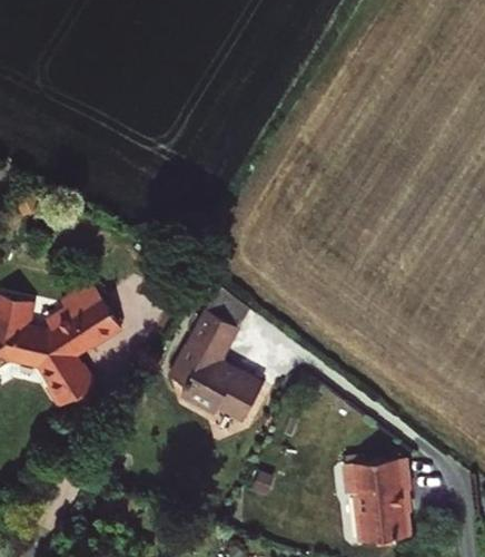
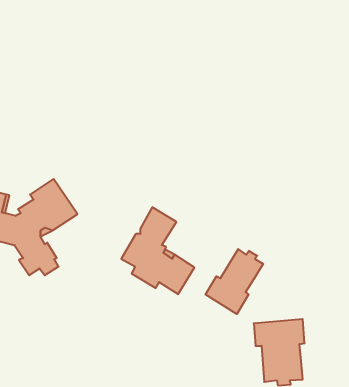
building: none -> [206,249,263,314]

